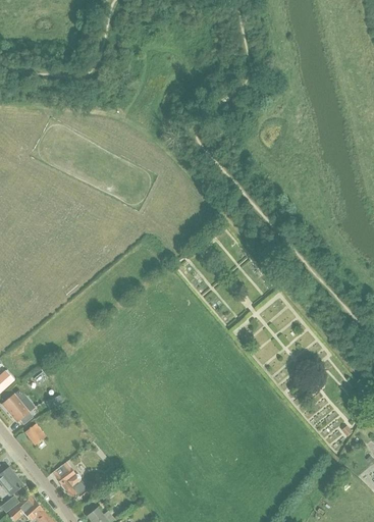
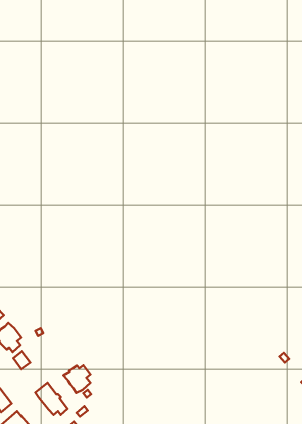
building: none -> [63,365,91,393]

